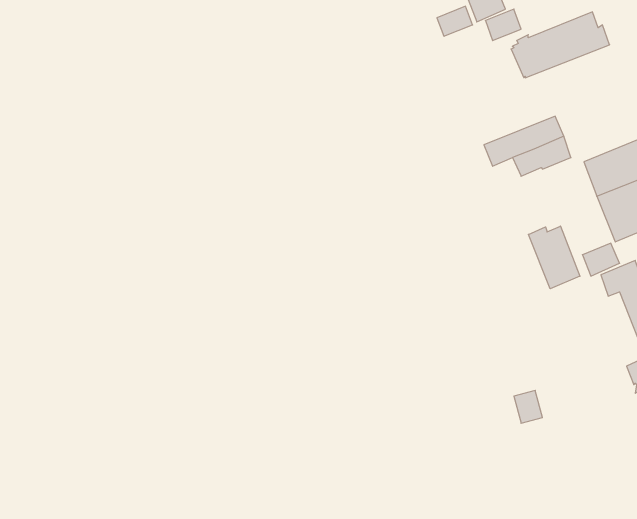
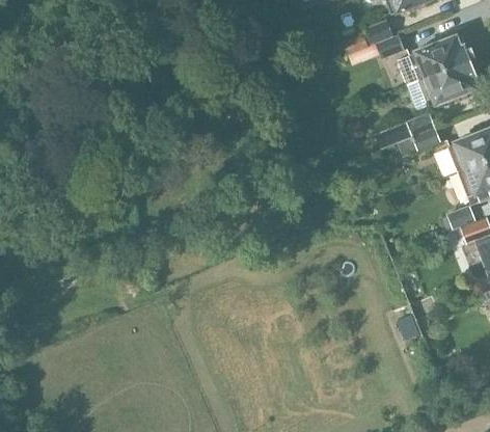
building: none -> [407,61,475,111]
building: [528,226,580,289] -> none

